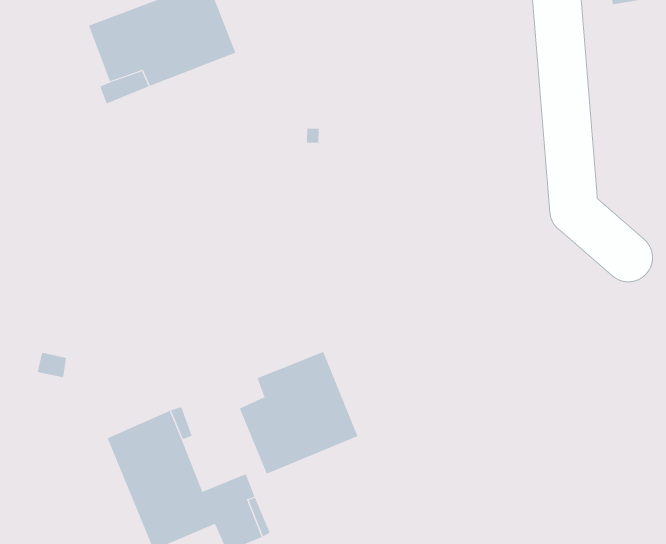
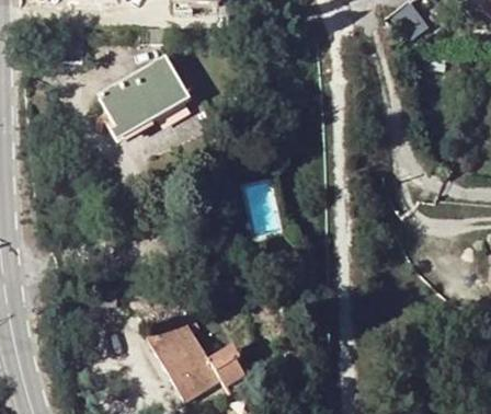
building: [239,351,358,474] -> none

